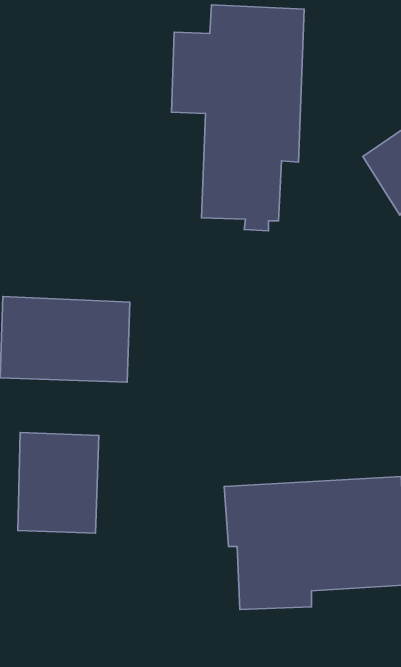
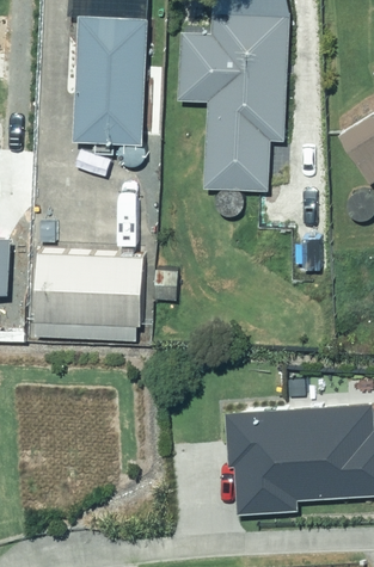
building: none -> [74,17,148,153]
building: [18,433,99,533] -> none

